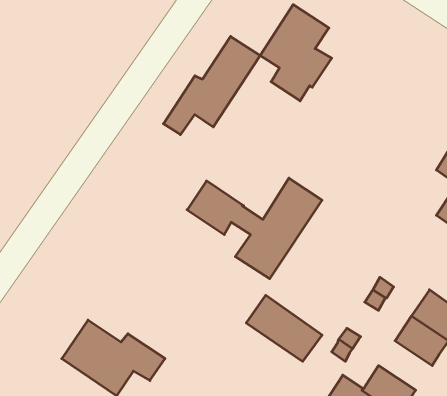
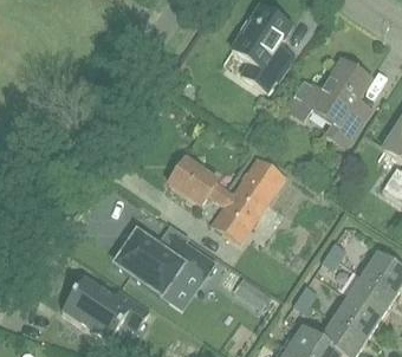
building: [163,36,260,135] -> none
building: none -> [284,60,369,145]
building: none -> [114,232,213,299]
building: none -> [332,296,378,338]

